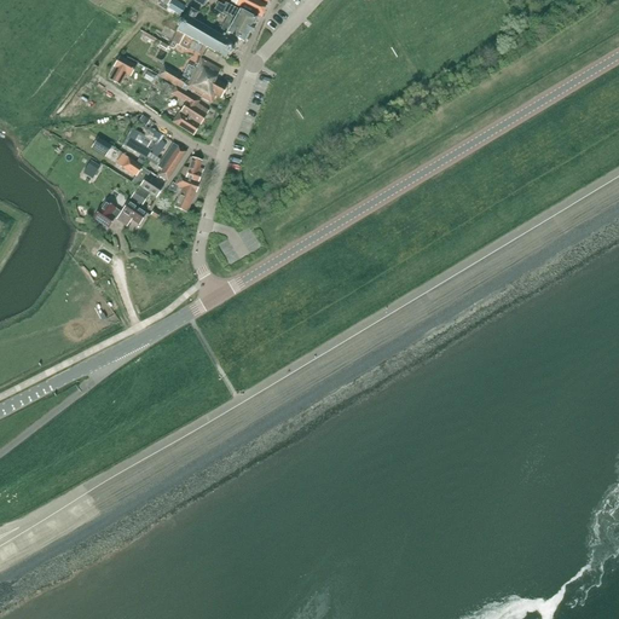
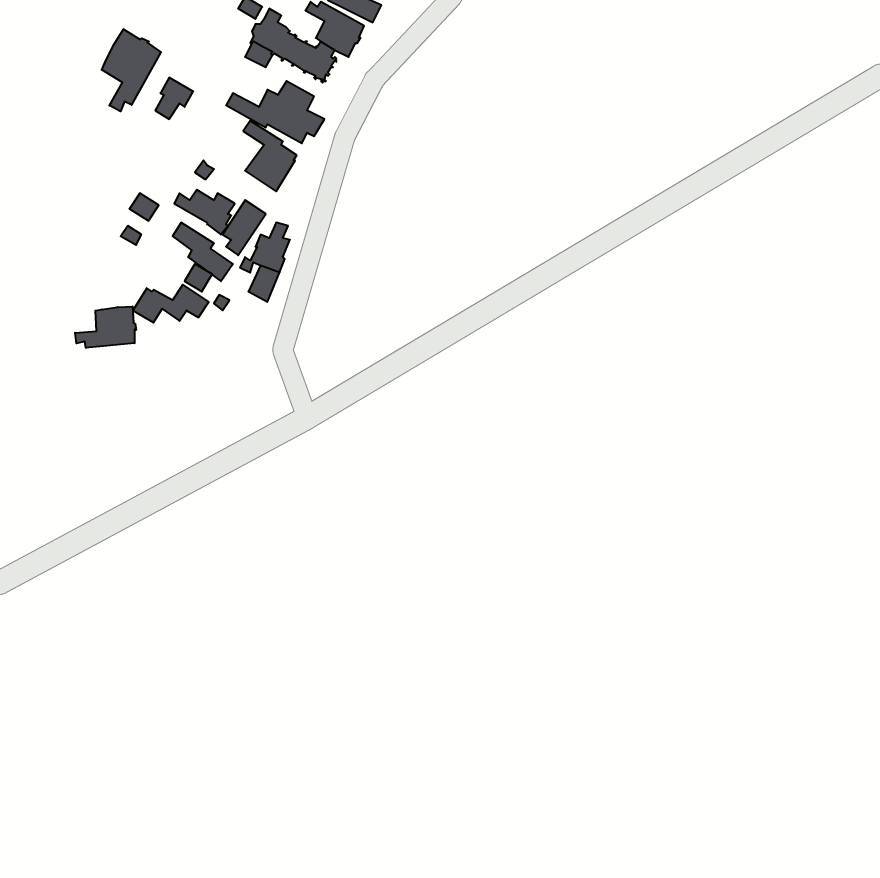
building: none -> [102,29,161,111]
building: none -> [75,306,136,348]

